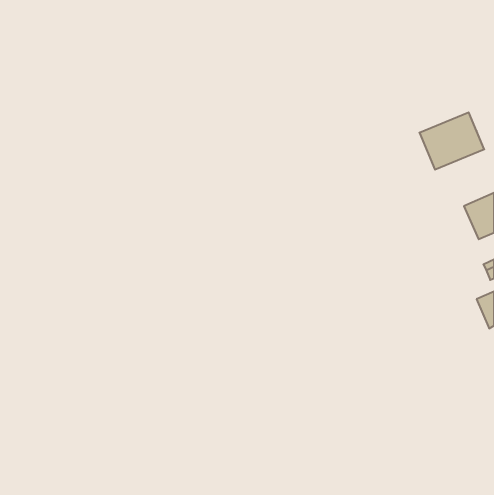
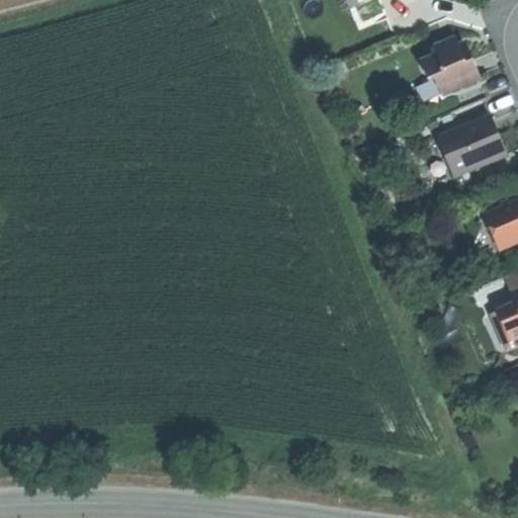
building: none -> [421,41,480,95]

